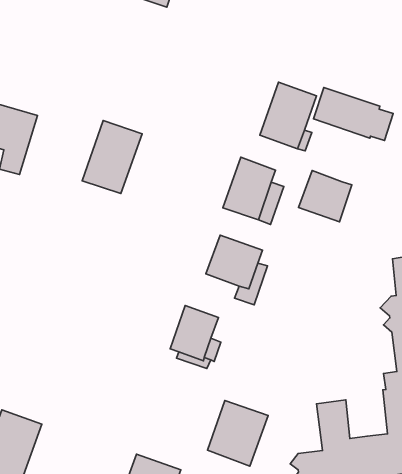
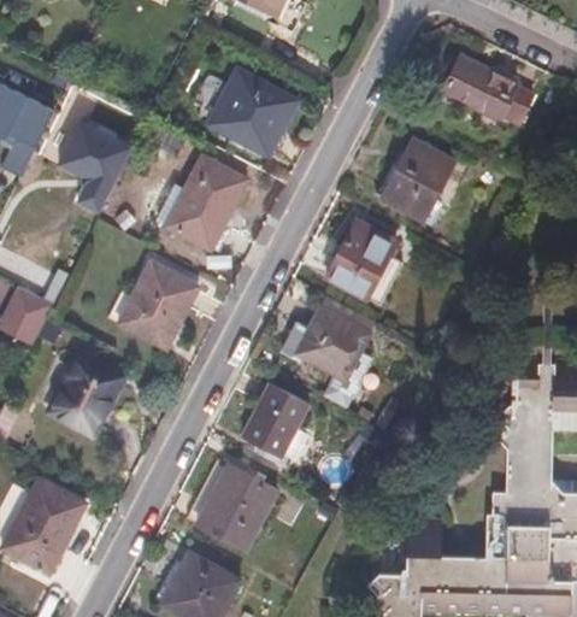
building: none -> [213,72,294,152]
building: [314,88,393,141] -> [441,54,535,125]
building: [298,170,352,222] -> none
building: none -> [120,262,199,346]
building: none -> [53,358,120,431]
building: [208,400,268,466] -> [199,465,275,546]

